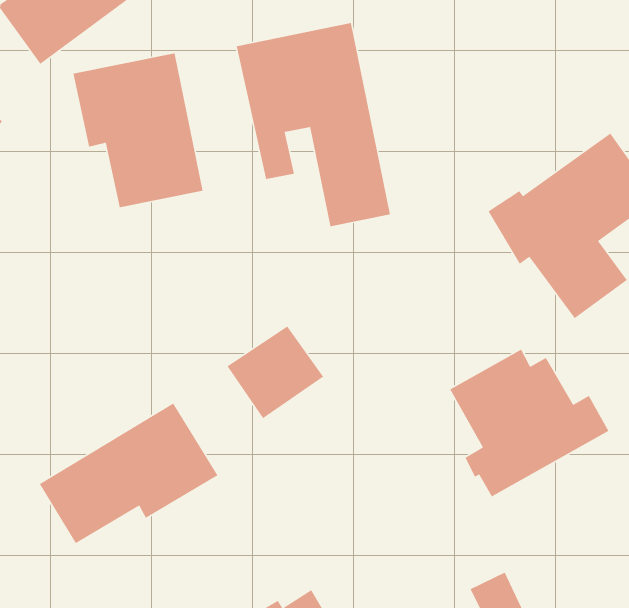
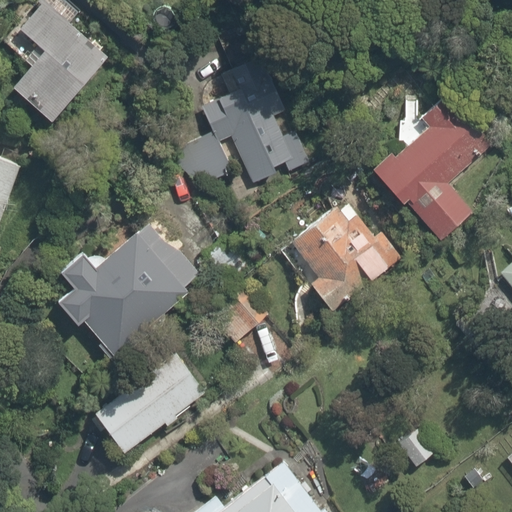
building: [73,53,204,208] -> none
building: none -> [56,222,203,365]
building: [449,349,609,498] -> [289,205,405,312]

